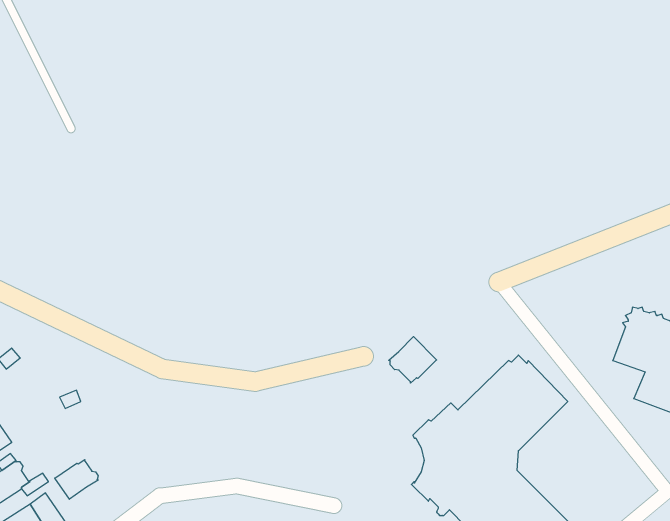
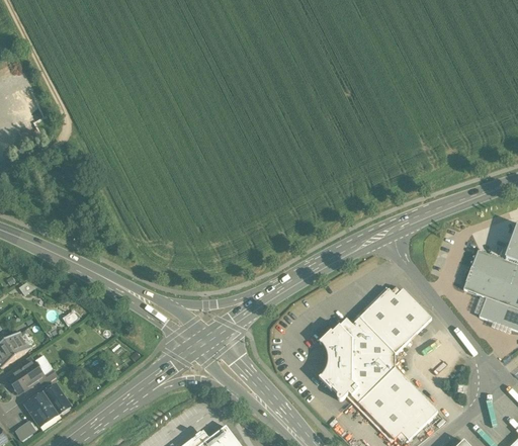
building: [389,337,437,383] -> none
building: [55,460,98,499] -> none

